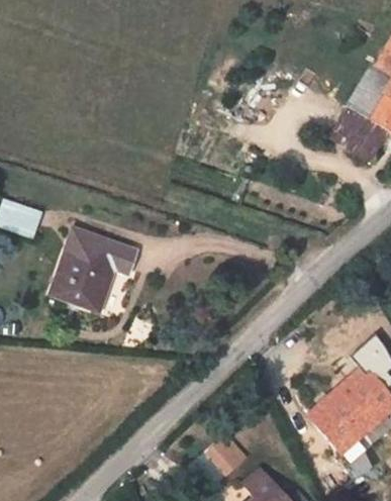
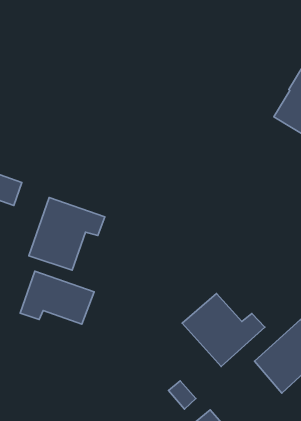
building: none -> [20,271,94,324]
building: none -> [182,293,265,366]

